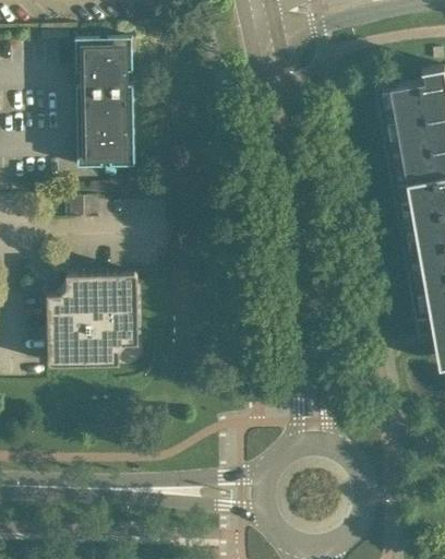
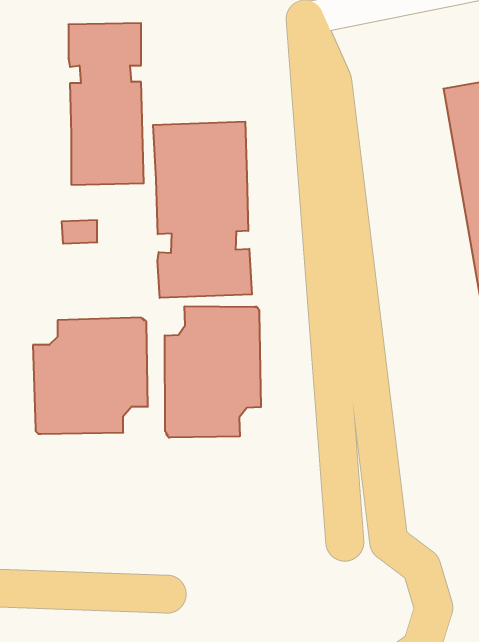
building: none -> [153,122,252,298]
building: none -> [165,306,261,438]

